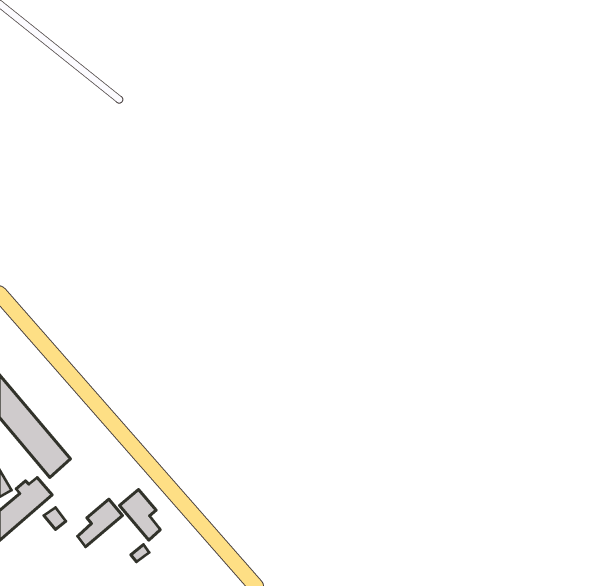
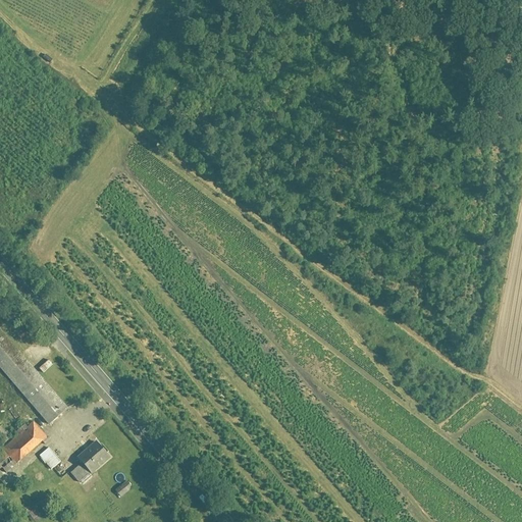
building: [119,489,160,540] -> none

